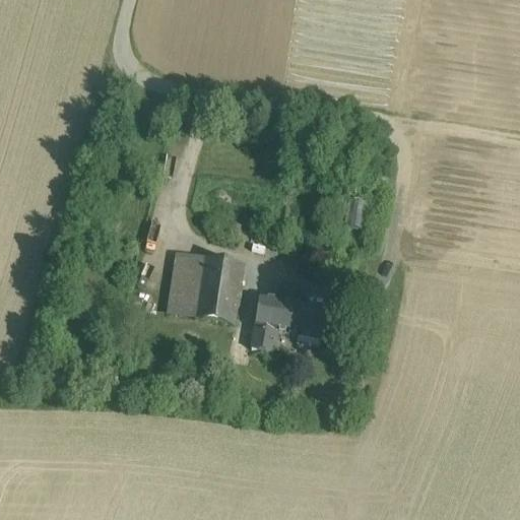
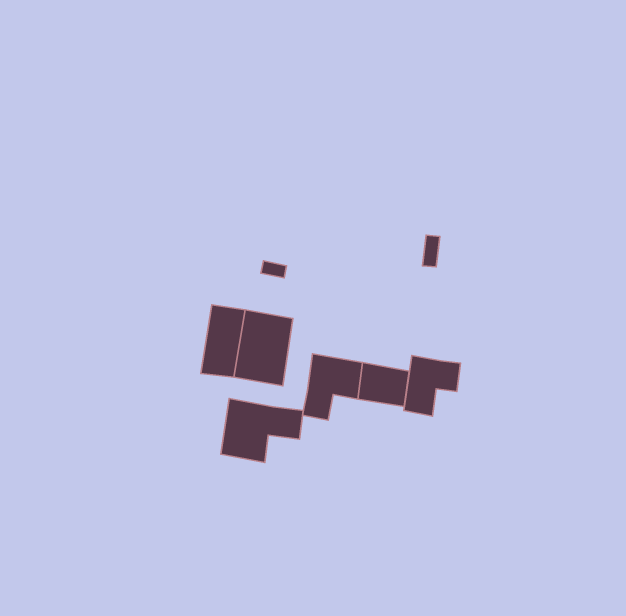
building: none -> [404,355,461,416]
building: none -> [221,399,303,462]

